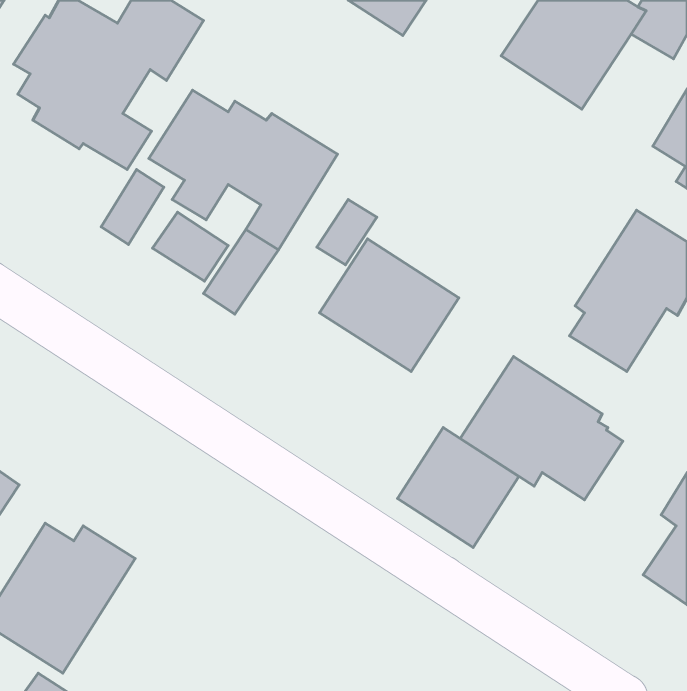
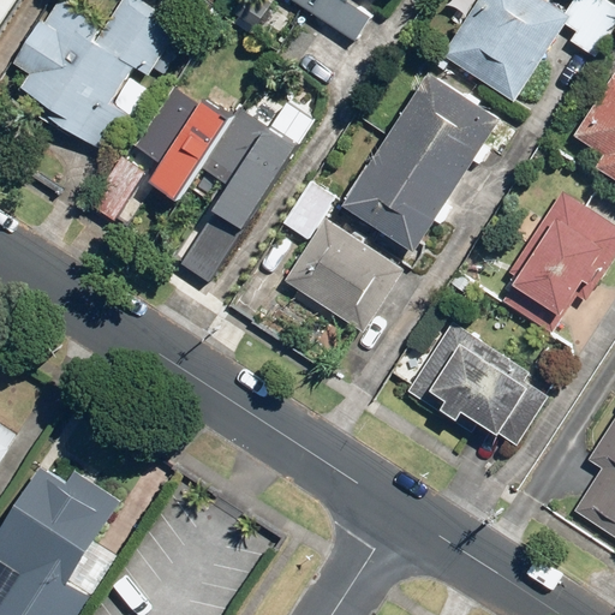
building: none -> [345,67,506,249]
building: [153,212,228,281] -> none
building: [398,427,519,547] -> none

